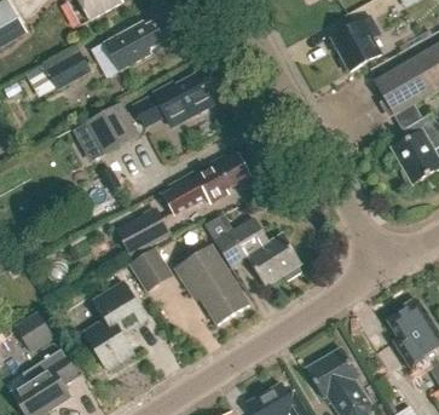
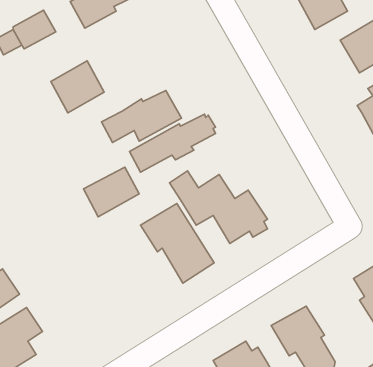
building: [133,74,213,126] -> [102,90,181,142]
building: [127,247,173,292] -> none
building: [81,278,146,371] -> none

